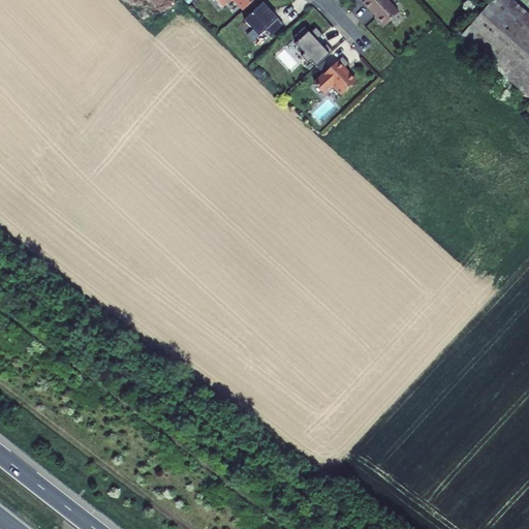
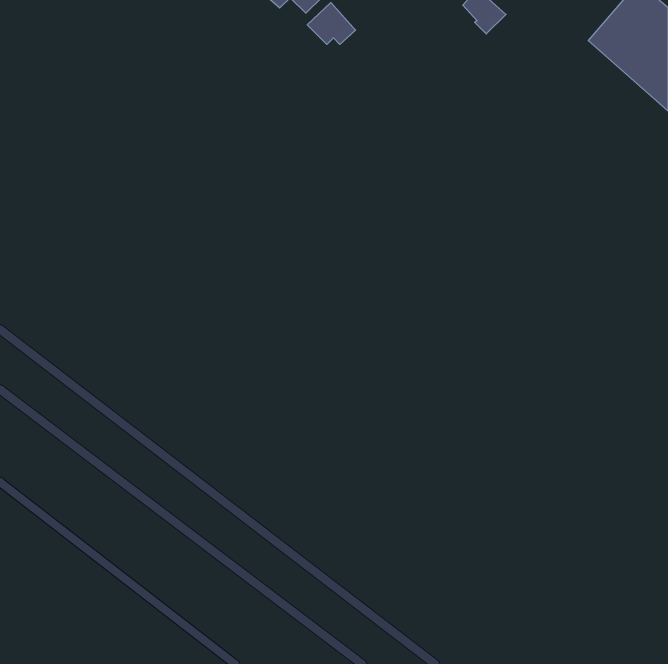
building: [293,25,331,64] -> none
building: [314,55,355,92] -> none

